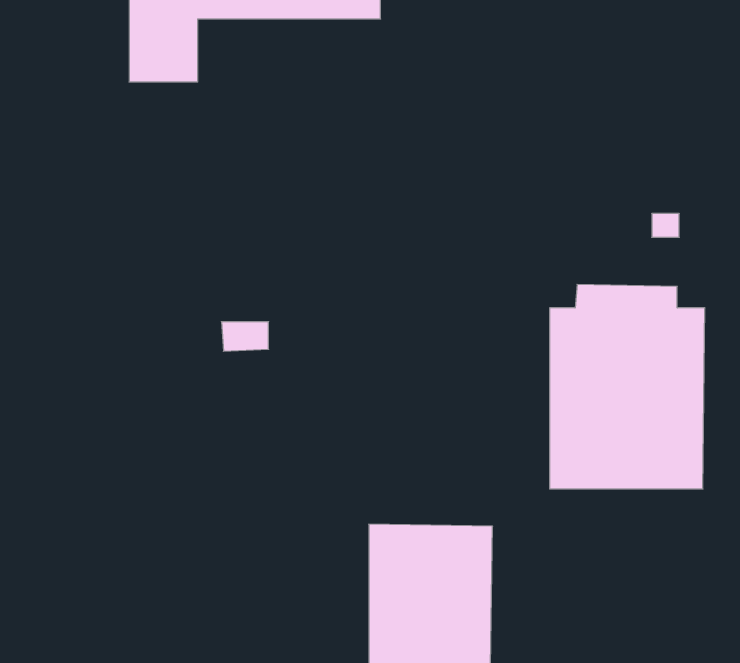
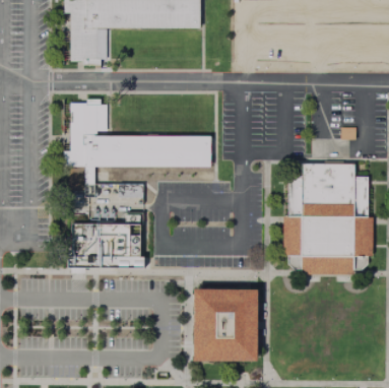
building: none -> [64,102,211,184]
building: none -> [67,223,144,268]

